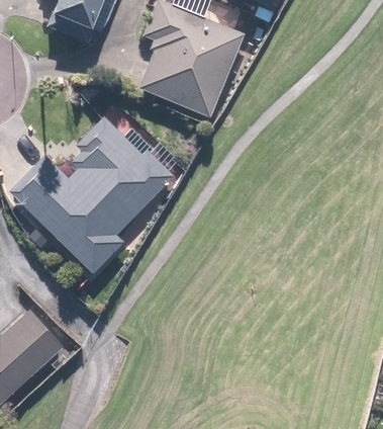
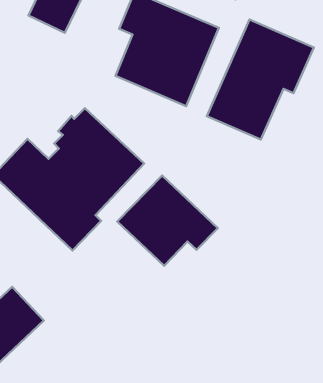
building: none -> [207,20,314,140]
building: none -> [117,175,218,266]

